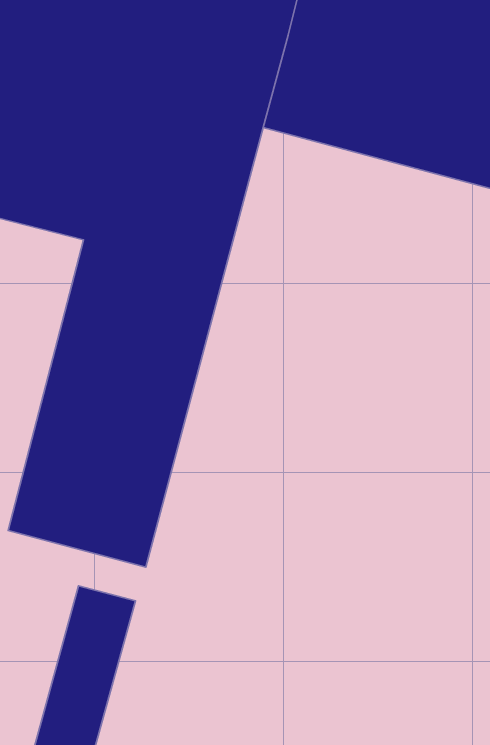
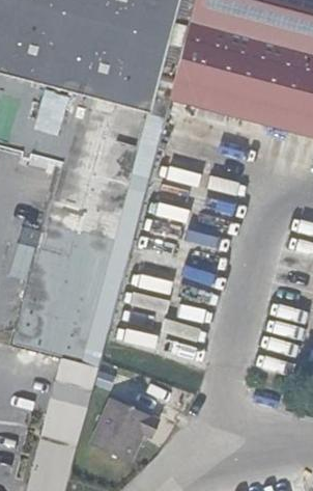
building: none -> [86,406,150,464]

